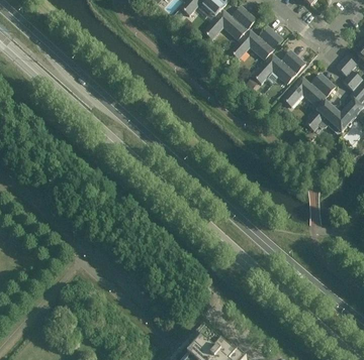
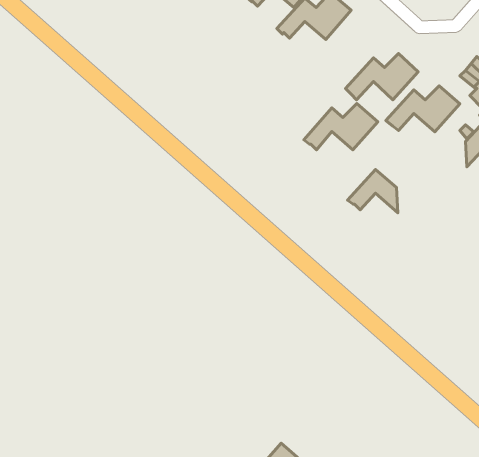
building: [230,26,283,59] -> [304,104,378,150]
building: [304,100,341,131] -> [347,169,398,213]

